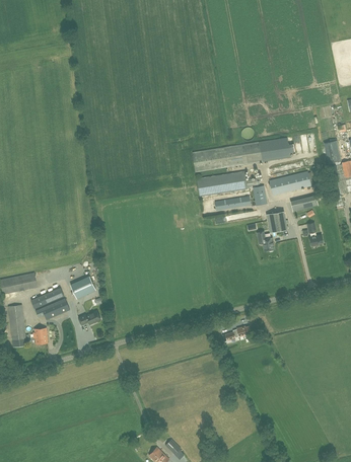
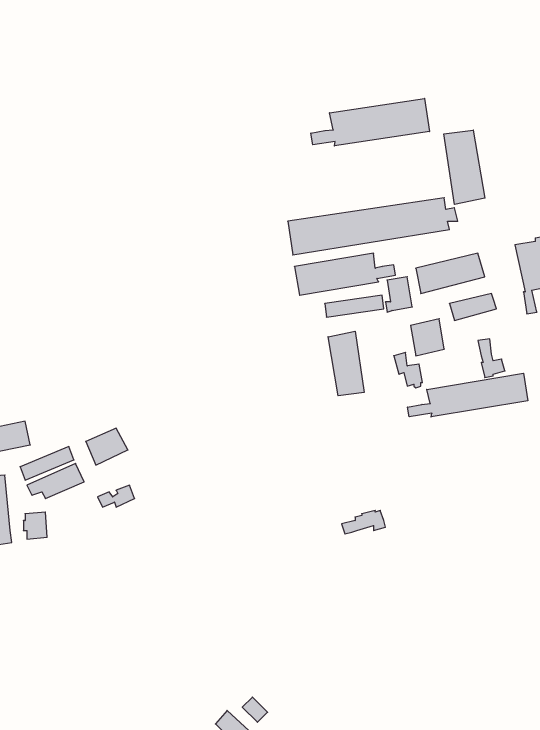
building: none -> [311,98,429,146]
building: none -> [444,130,485,204]
building: none -> [328,331,364,396]
building: none -> [408,373,528,417]

